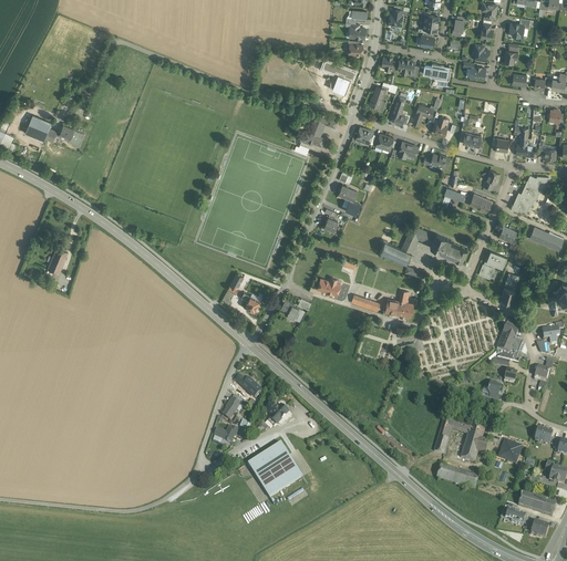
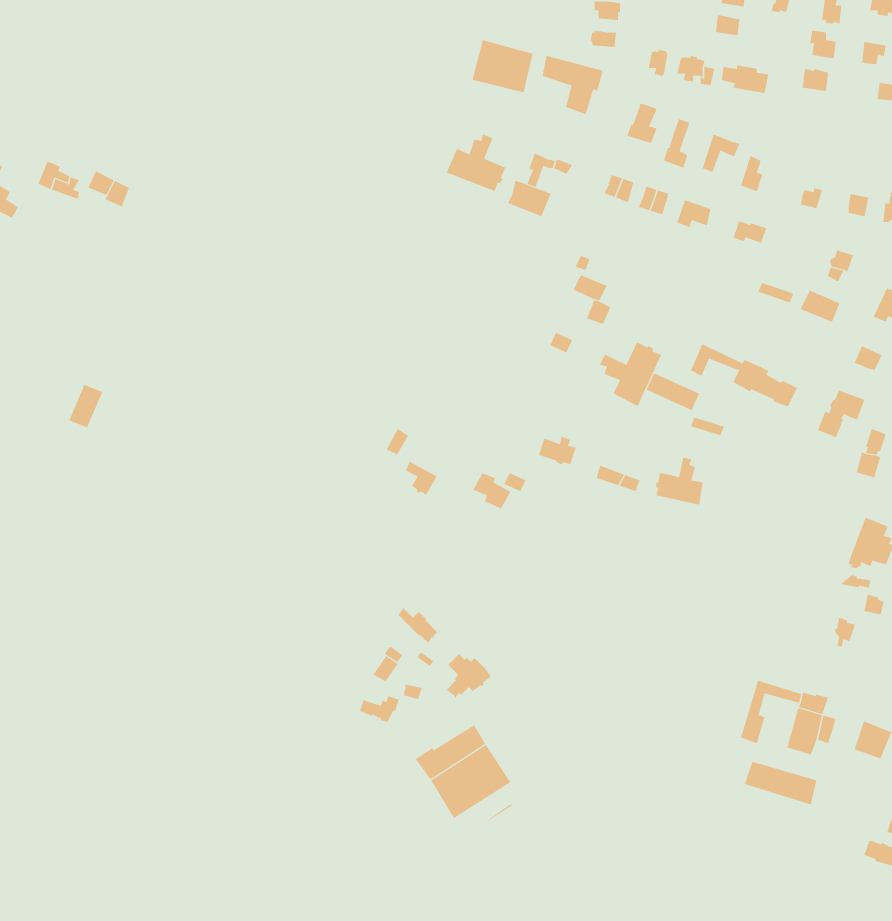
building: none -> [472,40,533,93]
building: none -> [446,133,506,192]
building: none -> [599,342,662,407]

